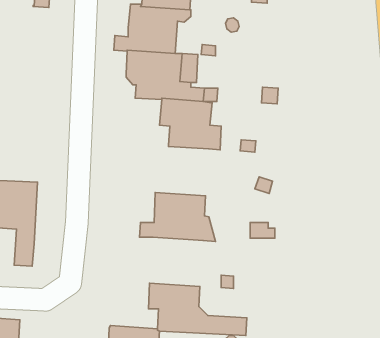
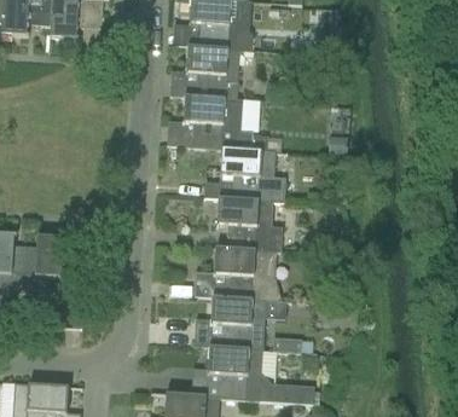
building: none -> [214,196,283,251]
building: none -> [193,296,266,349]

